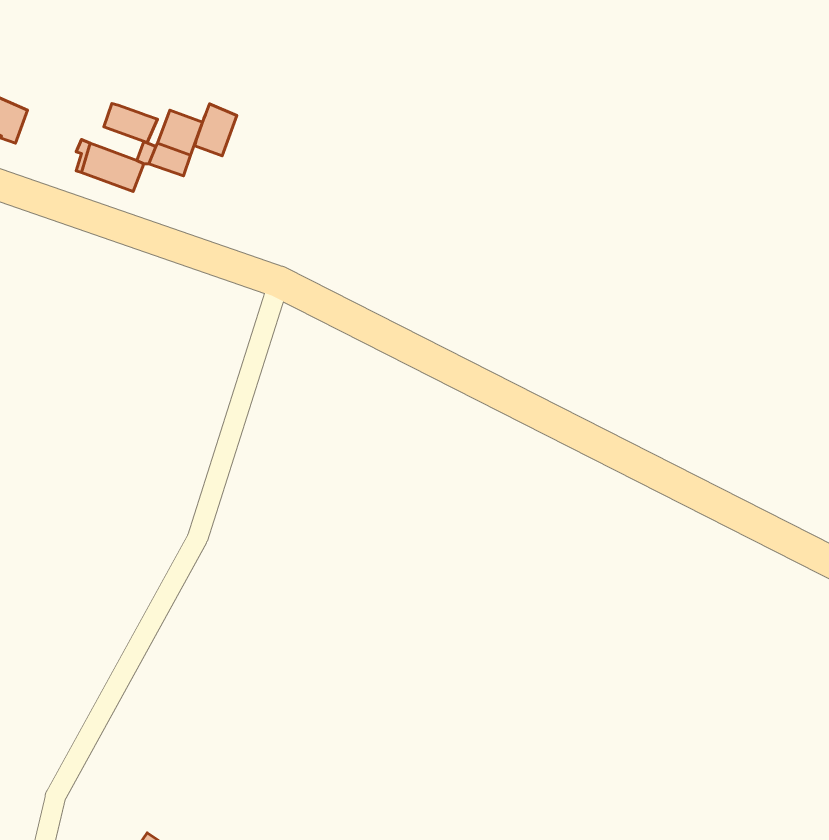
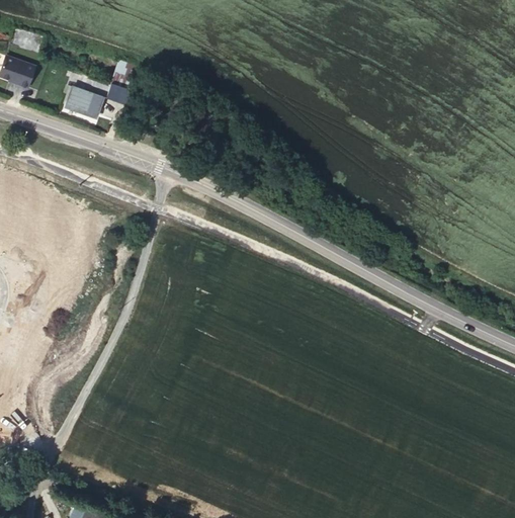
building: [104,103,157,143] -> none
building: [195,104,237,156] -> none

